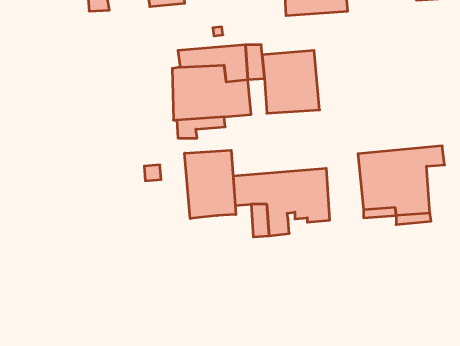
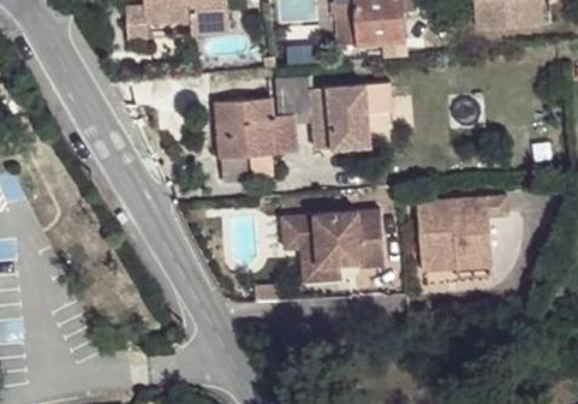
building: [185,150,236,219] -> none

